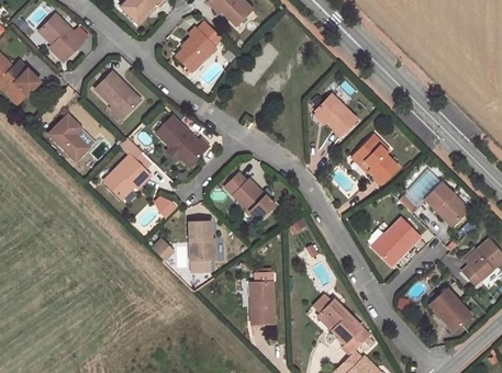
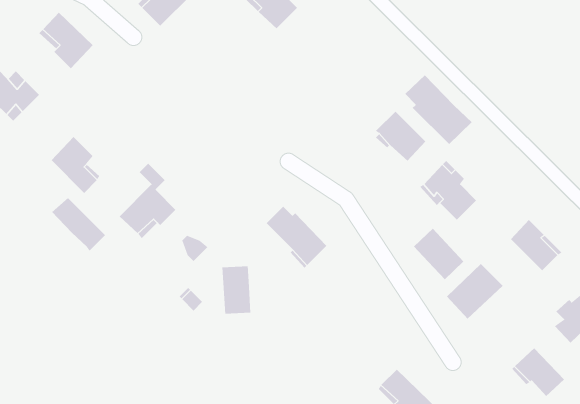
building: [176,22,222,72] -> none
building: none -> [405,74,473,145]
building: [96,71,142,117] -> none
building: [156,115,210,166] -> none
building: none -> [51,197,106,251]
building: none -> [413,228,464,280]
building: [250,282,274,325] -> none

